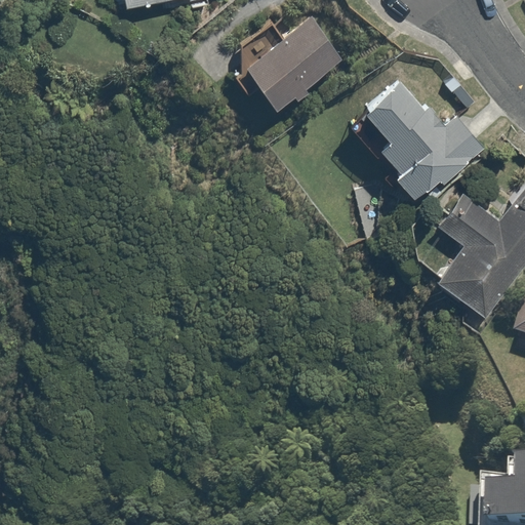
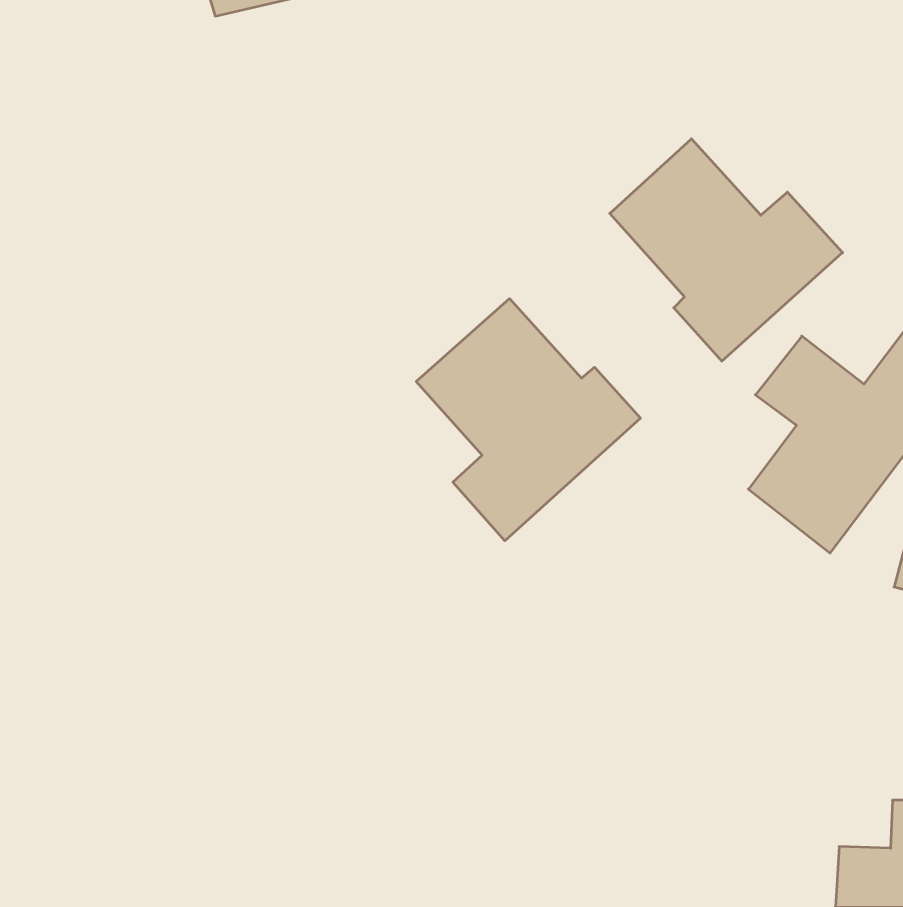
building: [239,16,341,115] -> none
building: none -> [416,299,640,541]

